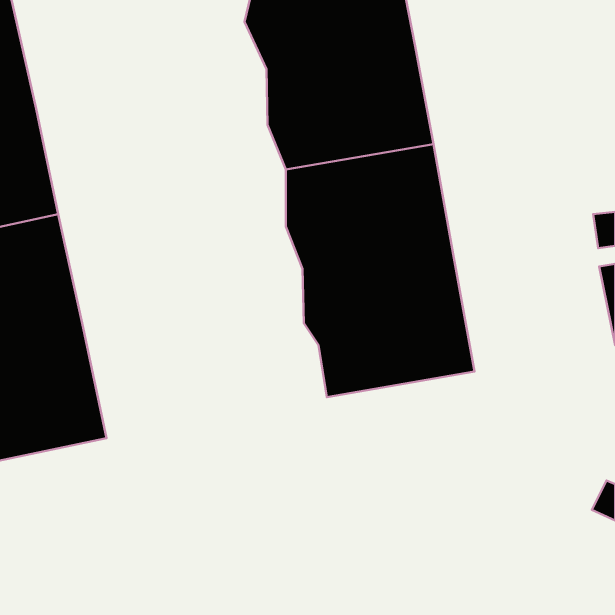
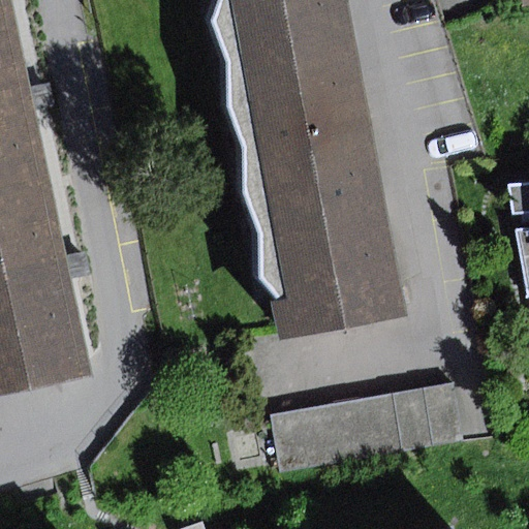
building: none -> [268,382,462,470]

